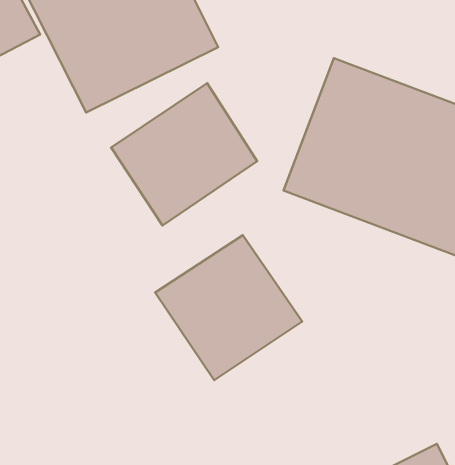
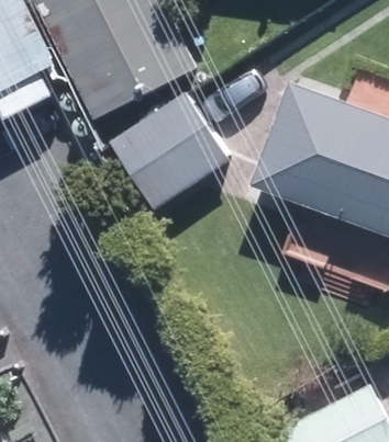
building: [155,235,302,380] -> none

